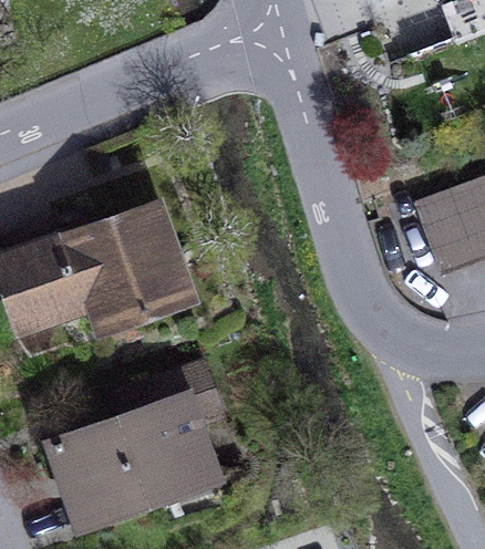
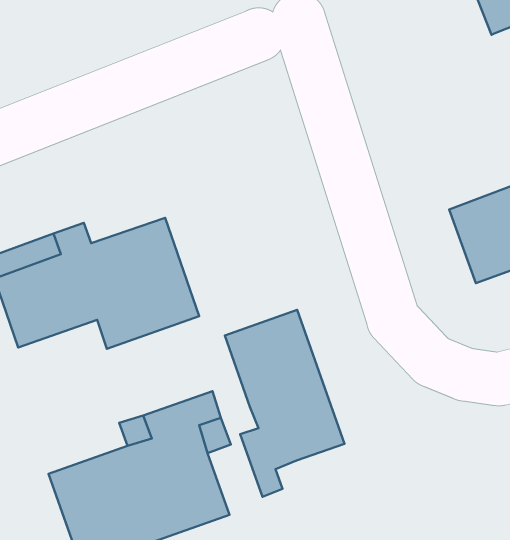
building: none -> [225,310,344,497]

